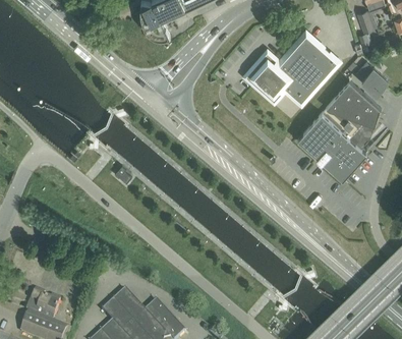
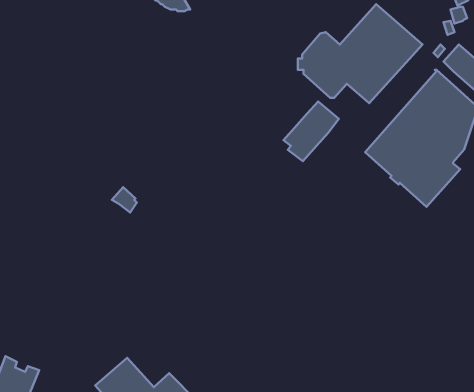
building: none -> [283,101,339,161]

